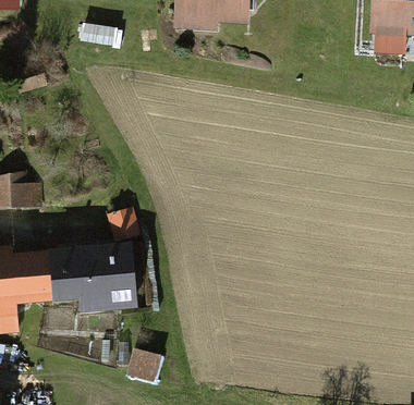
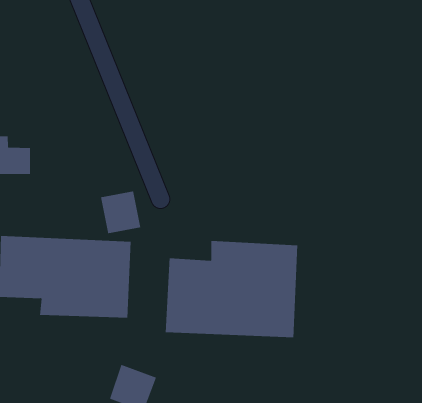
building: none -> [165,240,298,338]

